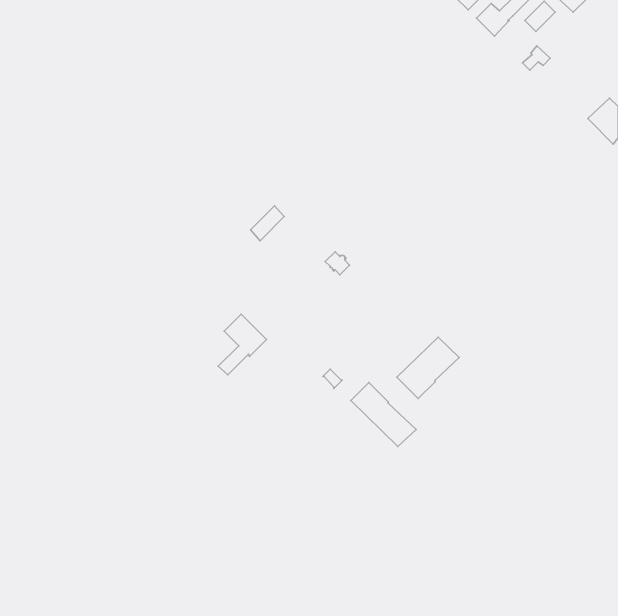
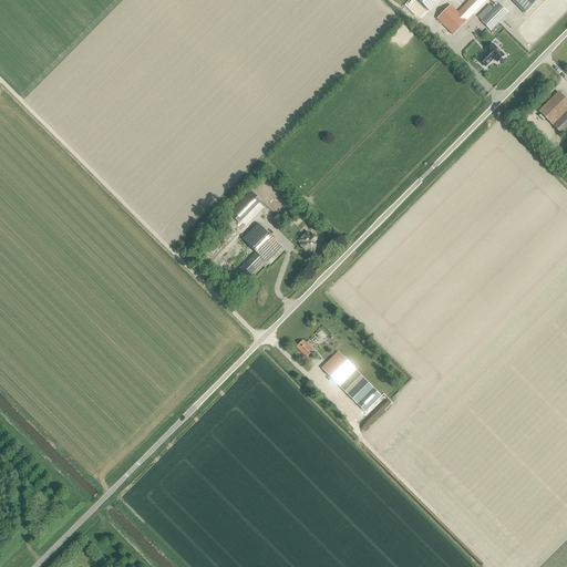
building: [218,314,266,375] -> [237,221,281,277]
building: [397,337,459,399] -> none

